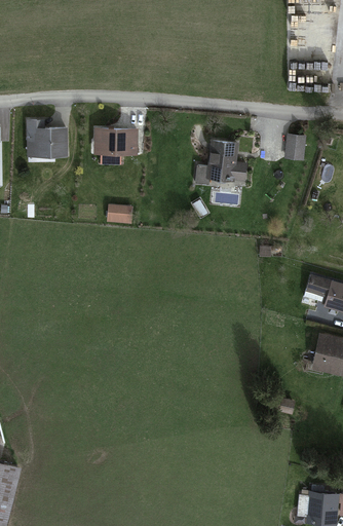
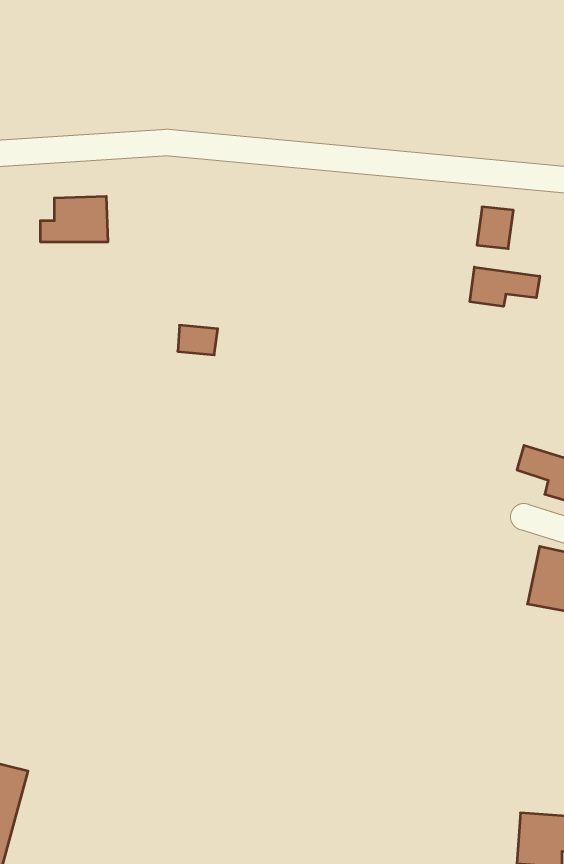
building: [94,129,136,153] -> none
building: [207,141,246,182] -> none
building: none -> [470,267,540,306]

